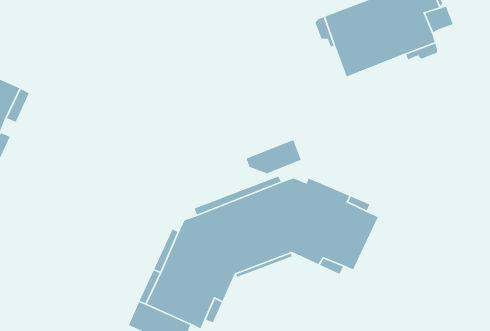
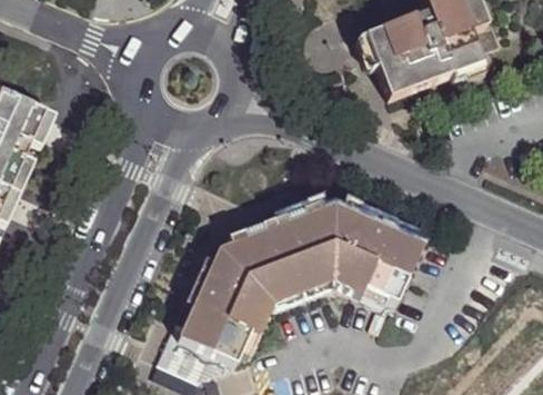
building: [245,139,302,174] -> none

